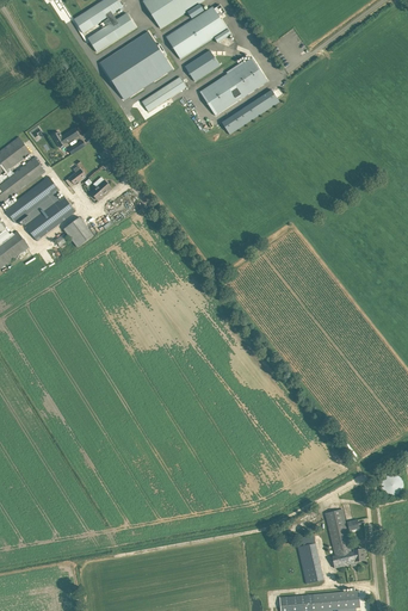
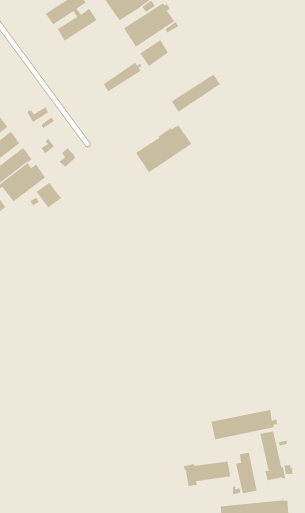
building: [99,31,171,98] -> none
building: [199,57,266,115] -> [135,124,192,173]
building: none -> [211,409,278,440]
building: none -> [183,461,231,487]

